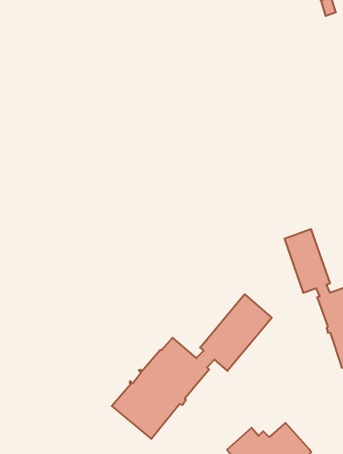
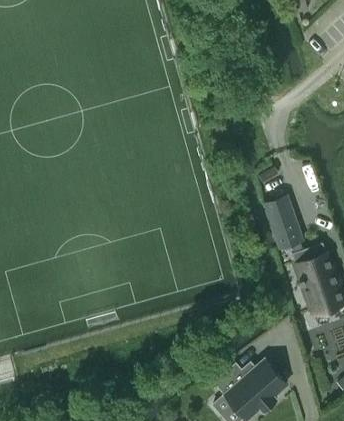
building: [112,294,272,439] -> none

